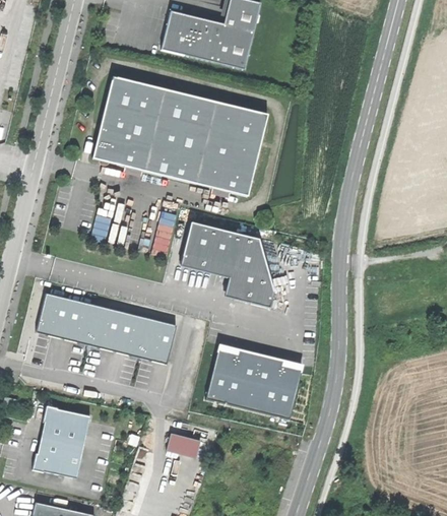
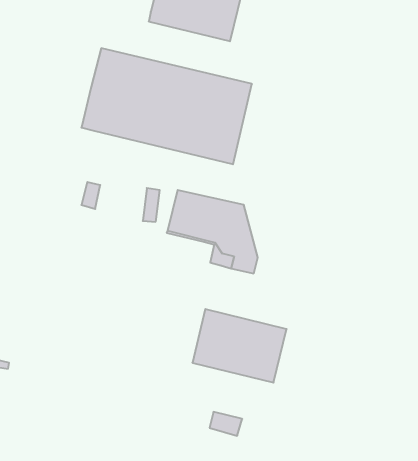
building: [37,293,177,364] -> none
building: [33,404,90,477] -> none
building: [168,433,201,457] -> [210,412,242,436]

